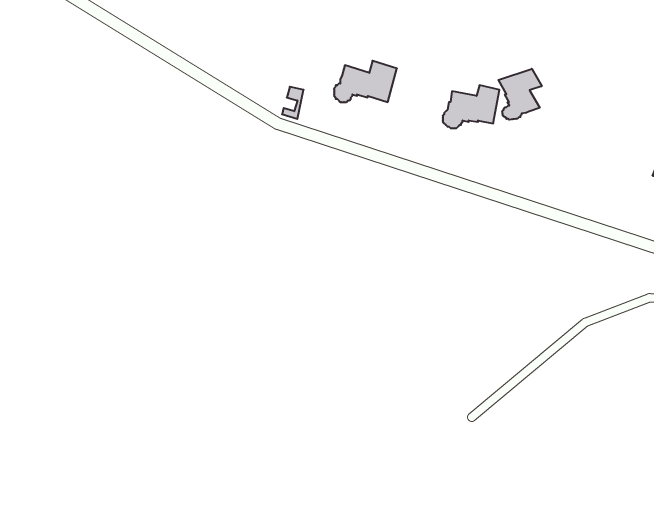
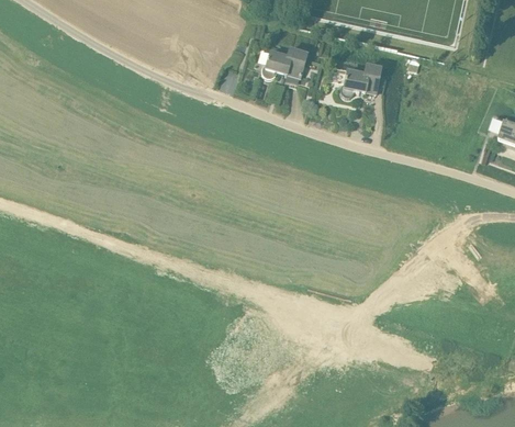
building: [498,69,542,120] -> none

